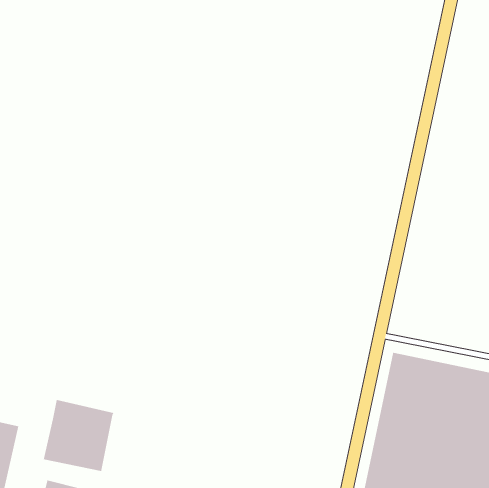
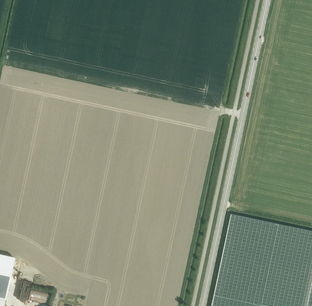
building: [43,399,114,472] -> none

